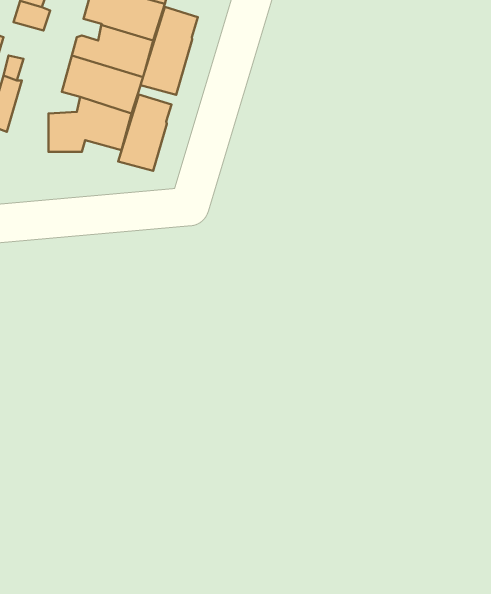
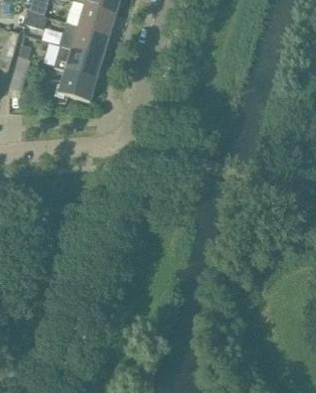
building: [141,7,198,95] -> none
building: [118,95,172,171] -> none

